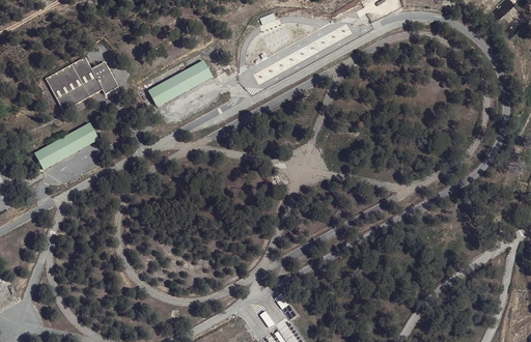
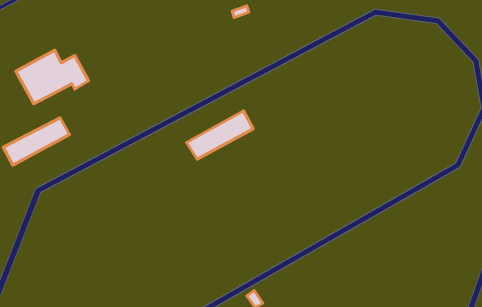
building: [147,59,213,107] -> [187,111,253,159]

